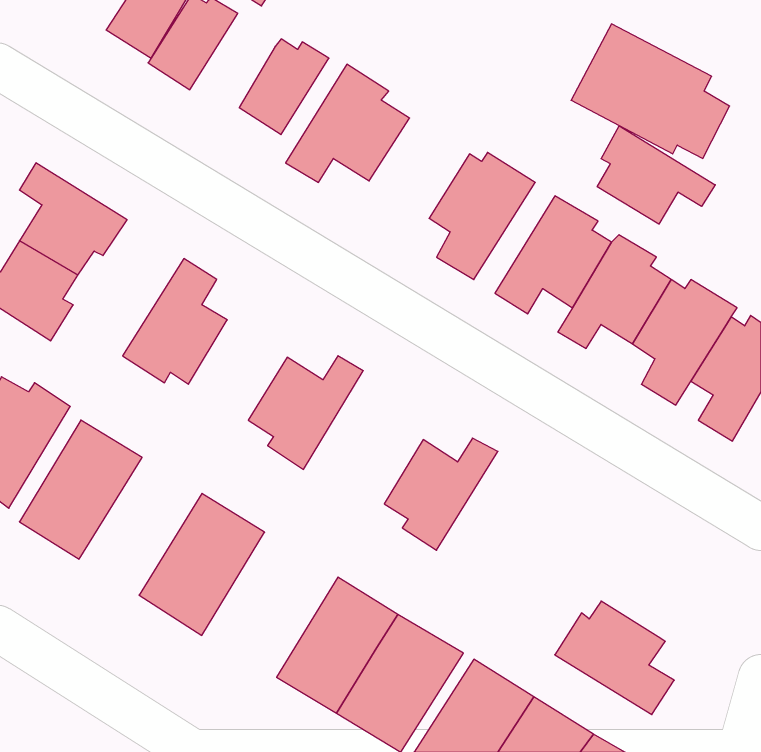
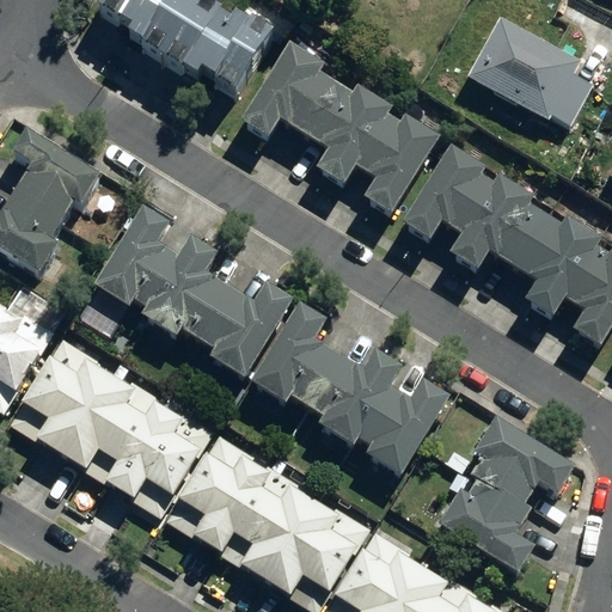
building: none -> [152,11,220,93]
building: none -> [295,92,379,194]
building: [597,126,715,224] -> none
building: none -> [146,235,228,336]
building: none -> [255,302,338,403]
building: none -> [63,366,161,476]
building: none -> [355,379,447,470]
building: none -> [477,420,579,510]
building: none -> [173,432,270,541]

